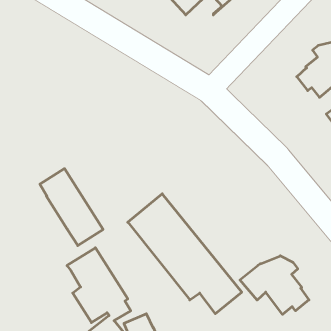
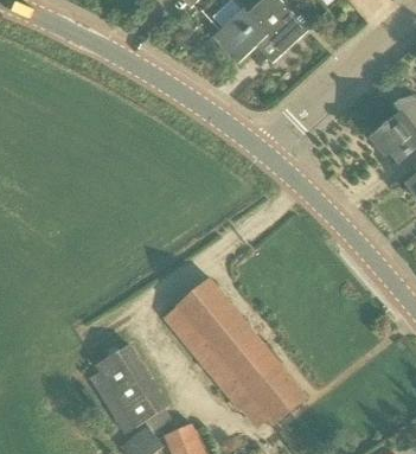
building: [40,169,103,246] -> none
building: [240,256,309,314] -> none

